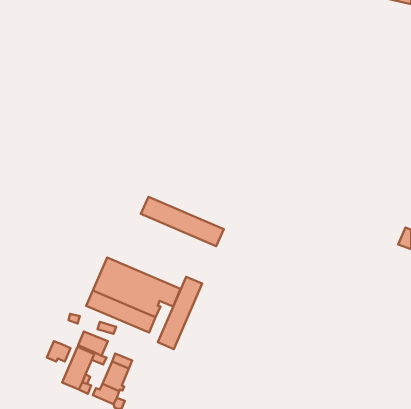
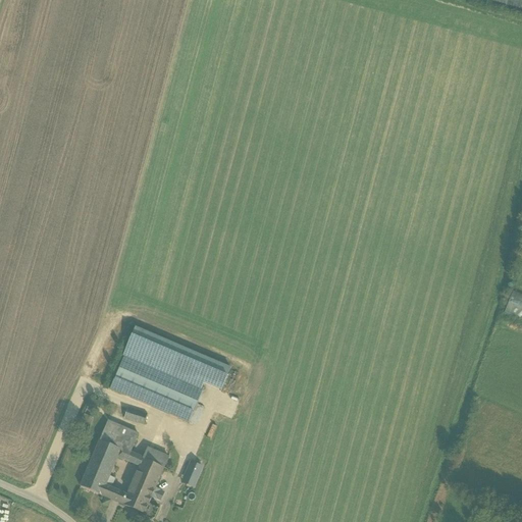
building: [141,197,224,246] -> none
building: [158,277,202,349] -> none
building: [47,341,71,361] -> none

